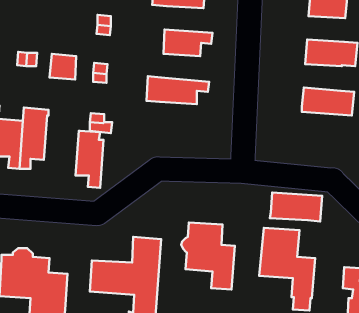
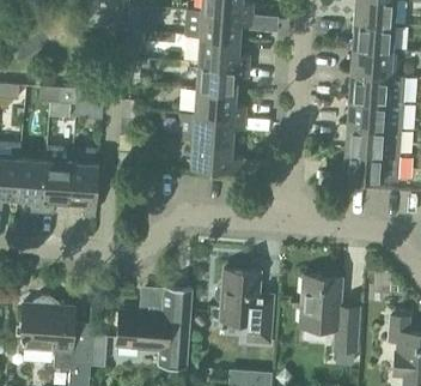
building: none -> [199,38,251,67]
building: none -> [352,49,392,77]
building: none -> [195,90,246,120]
building: none -> [348,101,389,129]
building: none -> [191,141,243,173]
building: [76,131,103,188] -> [69,156,99,217]
building: [270,192,322,221] -> [343,152,399,183]

